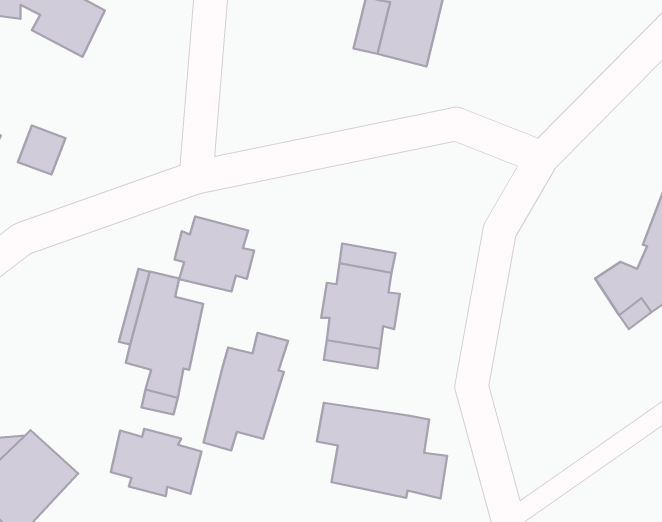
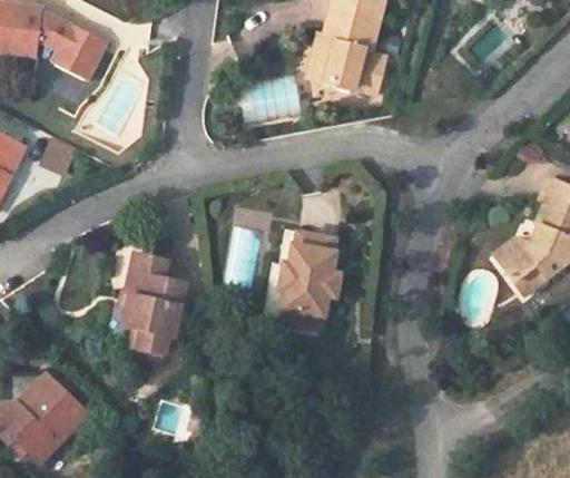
building: [174,217,254,291] -> none
building: [203,333,288,450] -> none
building: [317,403,447,498] -> none
building: [111,429,202,496] -> none

